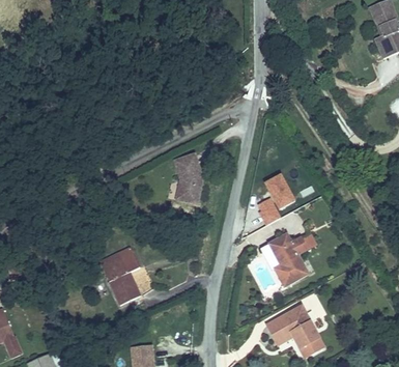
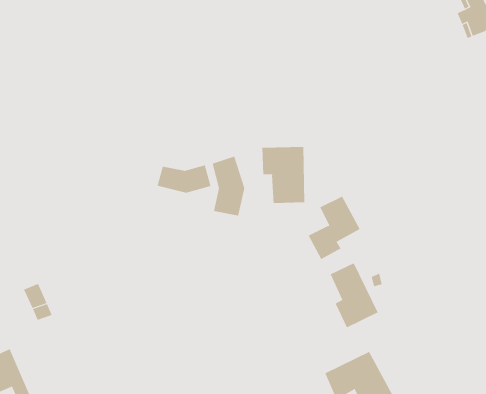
building: none -> [262,146,305,204]
building: none -> [157,165,211,193]
building: [101,254,141,303] -> none

